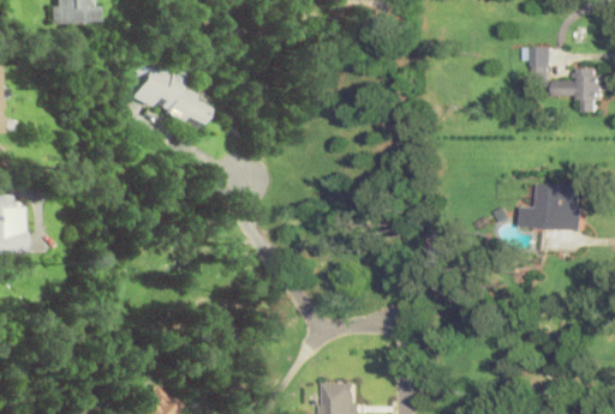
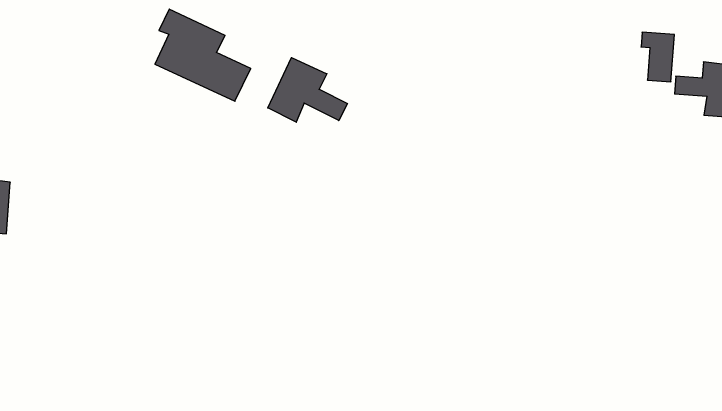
building: none -> [268,58,347,122]
building: [523,182,581,229] -> none

